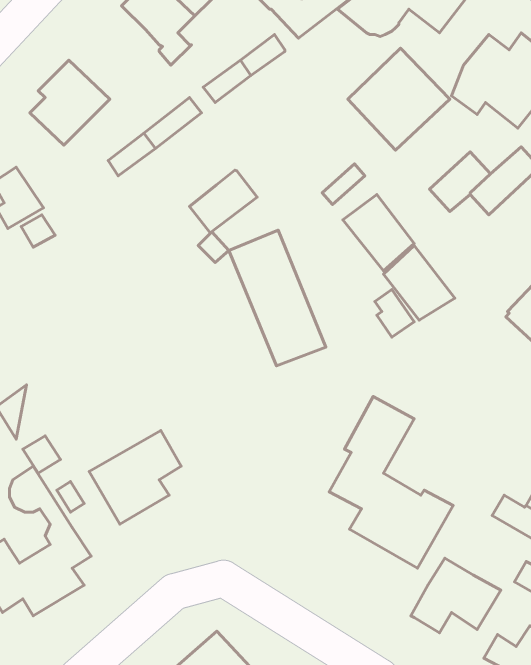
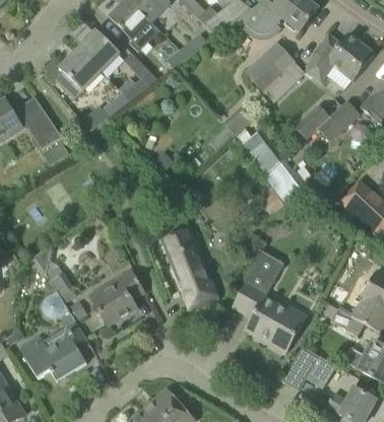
building: none -> [77,29,120,72]
building: [190,170,257,233] -> none
building: [229,230,326,366] -> [161,227,218,308]

